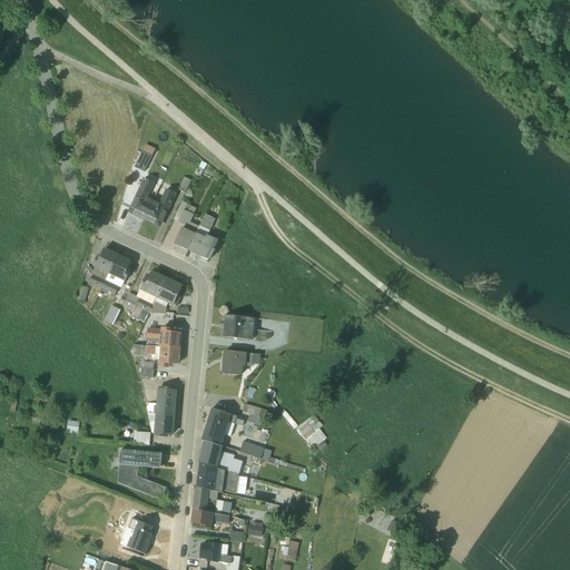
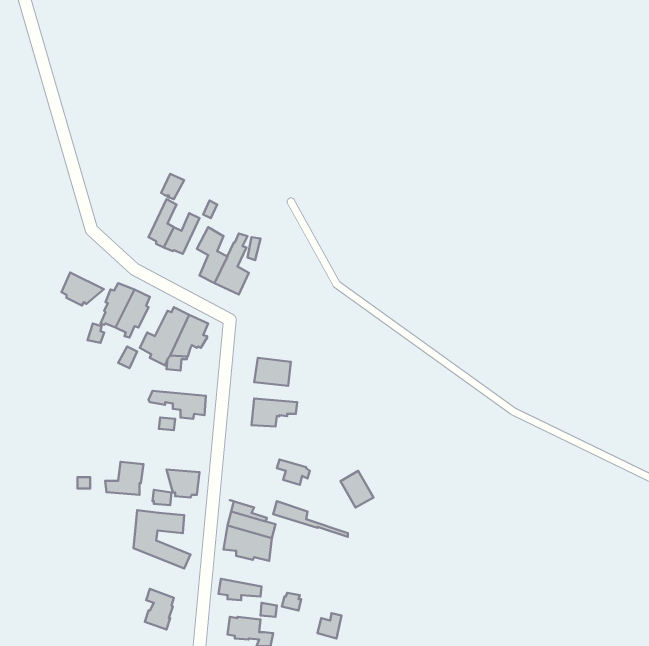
building: none -> [61,272,104,305]
building: [134,325,181,347] -> none
building: [145,385,178,414] -> [105,462,143,495]
building: [205,406,245,435] -> none
building: [194,485,223,513] -> none

